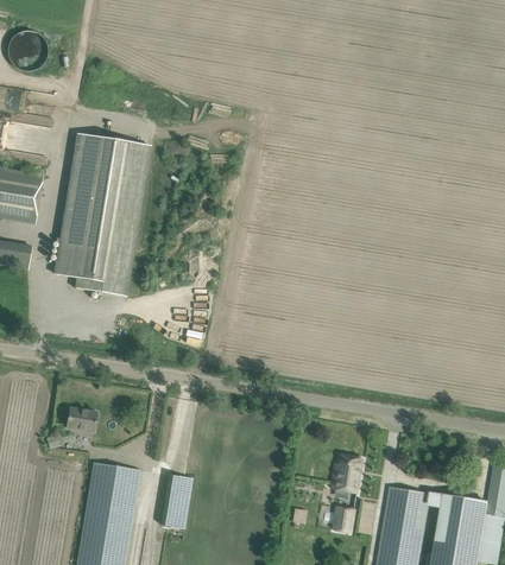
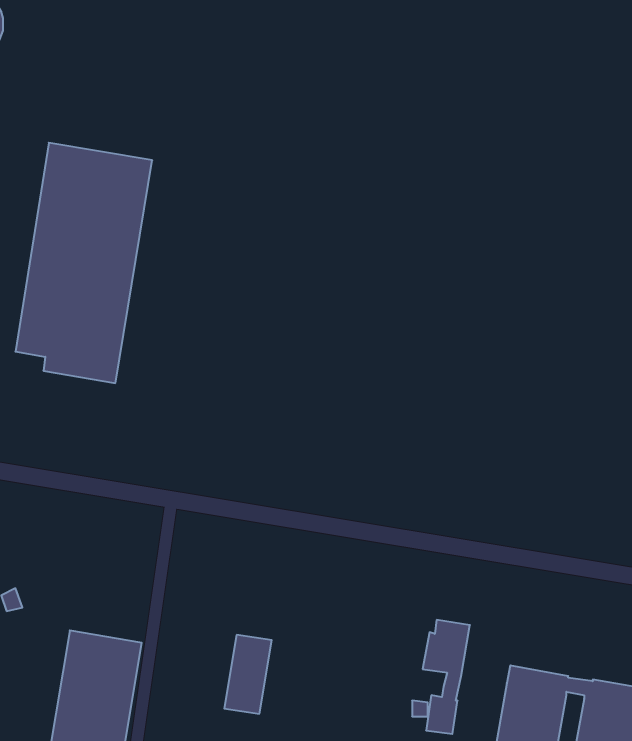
building: [65,408,97,433] -> none
building: [160,476,192,529] -> [224,635,272,714]

